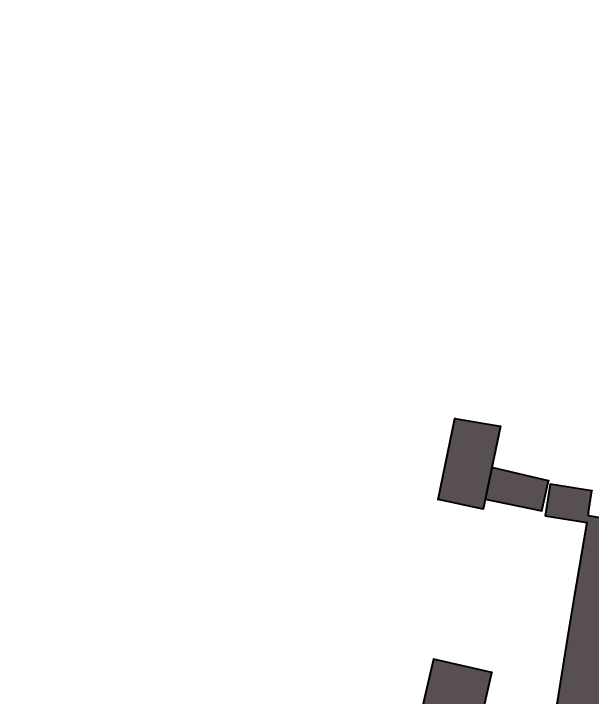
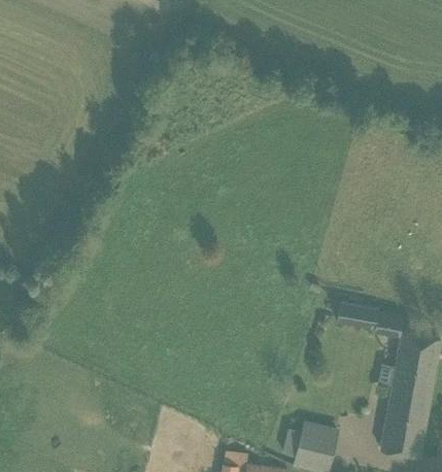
building: [438,418,501,509] -> none

